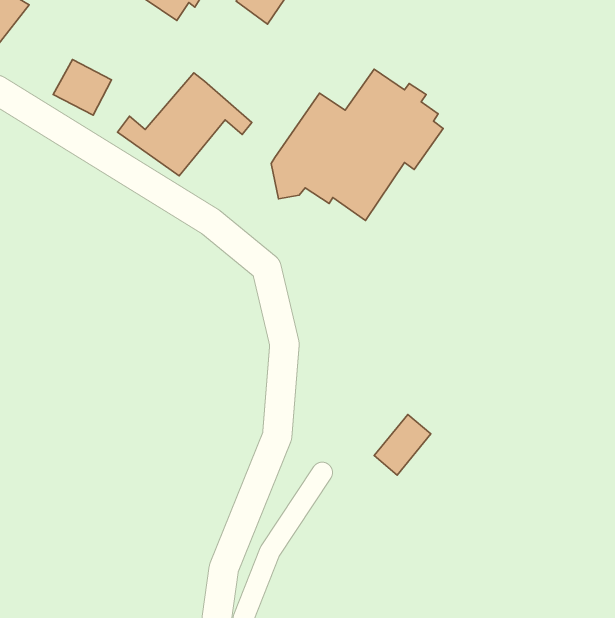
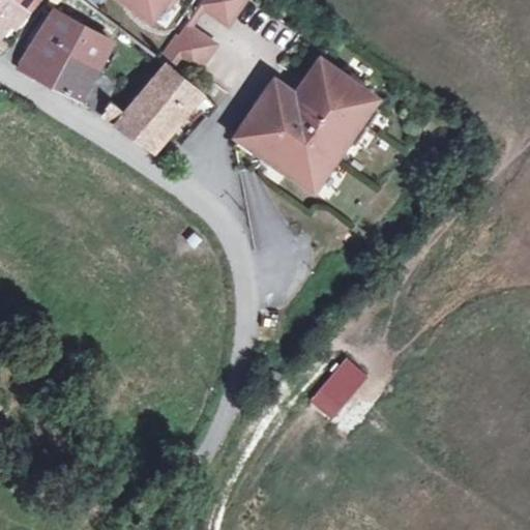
building: none -> [19,11,110,81]
building: none -> [163,27,211,70]

